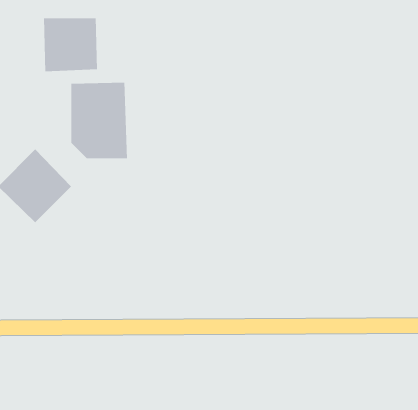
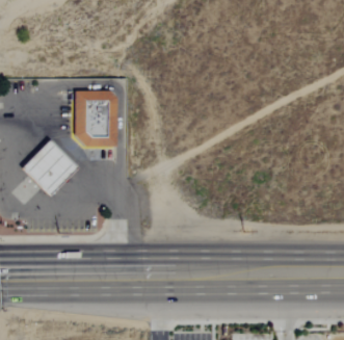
building: [43,17,98,72] -> none

